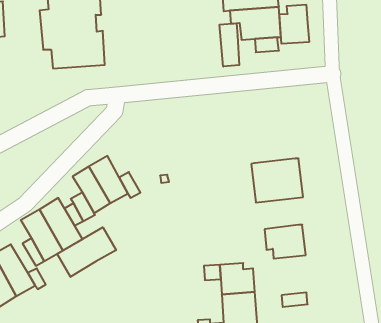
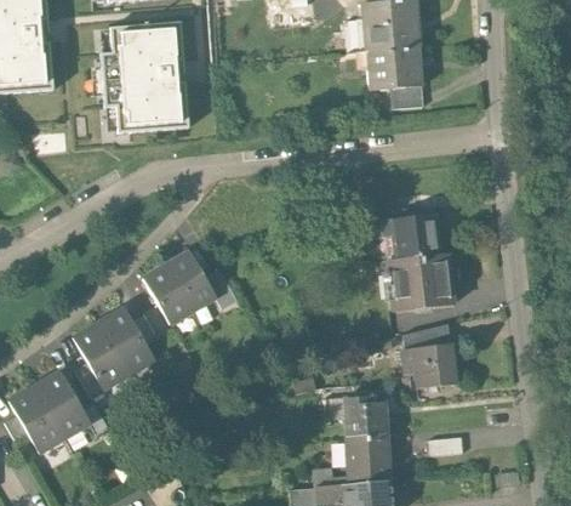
building: [279,5,309,44] -> none
building: [220,23,239,67] -> none
building: none -> [379,211,445,258]
building: none -> [402,320,450,348]
building: [57,227,116,277] -> none

